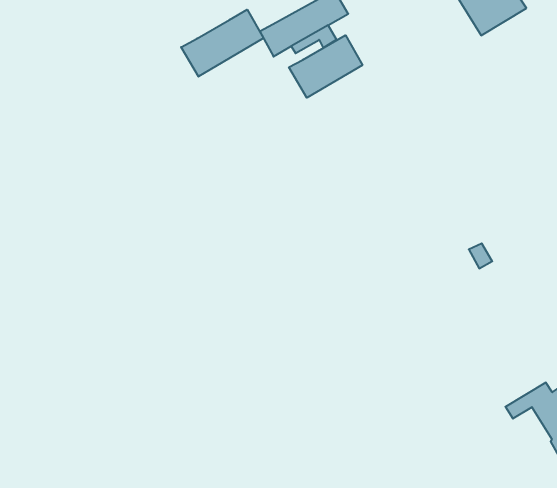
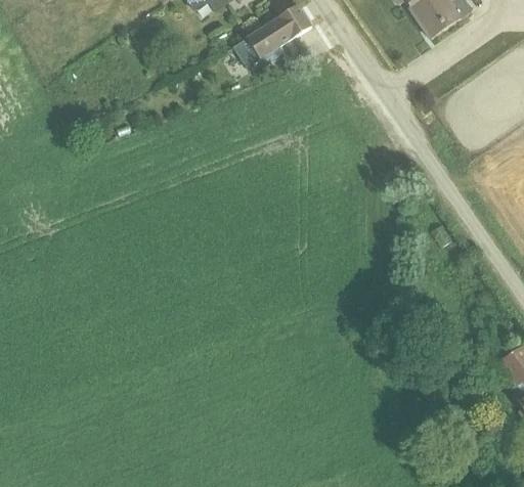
building: [181,10,263,77] -> none
building: [289,35,362,98] -> none

